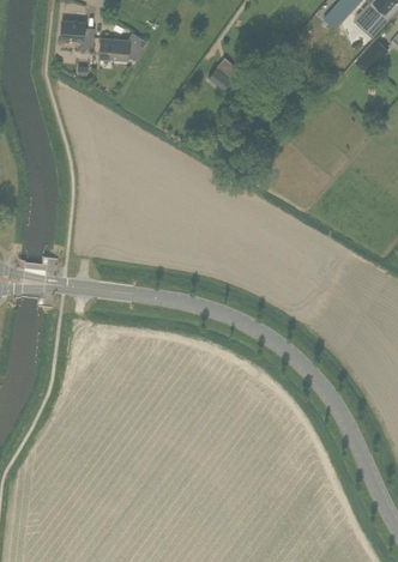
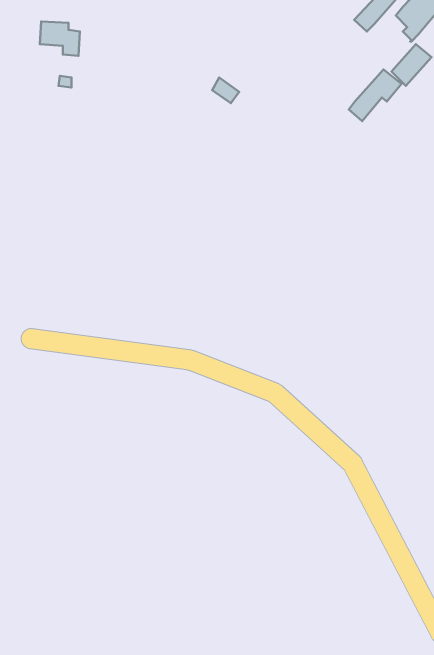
building: [98,32,145,60] -> none
building: none -> [349,70,402,121]

